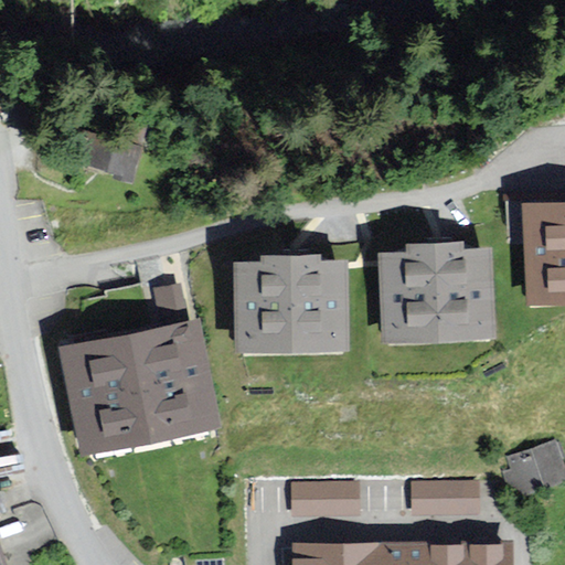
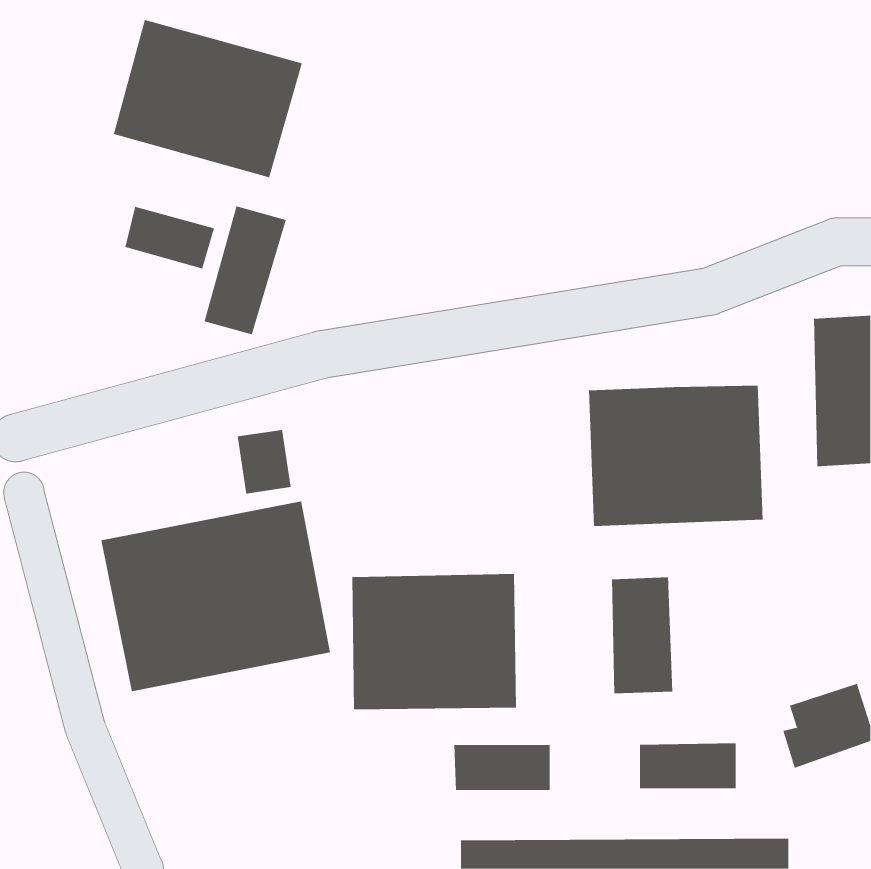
building: none -> [113,19,302,178]
building: none -> [204,205,286,335]
building: [236,262,343,350] -> [351,573,517,710]
building: none -> [612,577,673,694]

